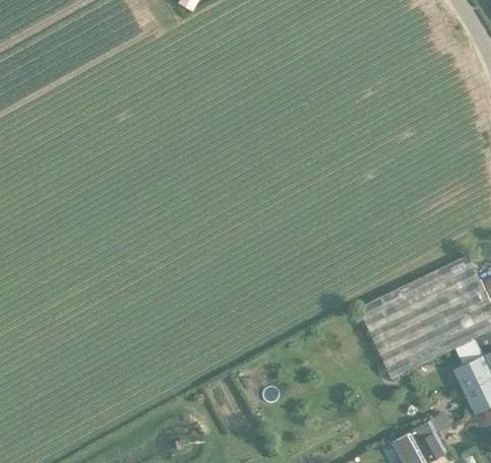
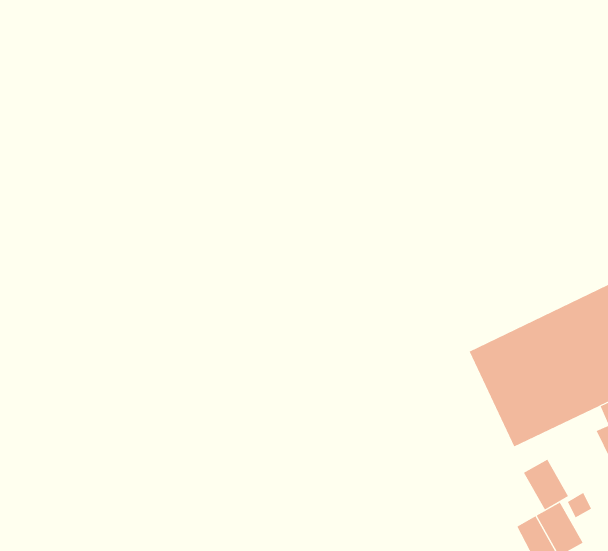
building: none -> [523,459,569,511]

